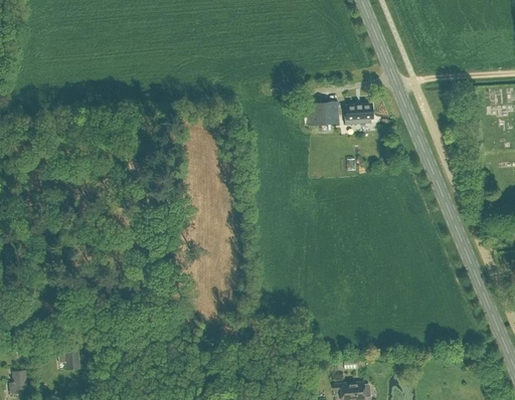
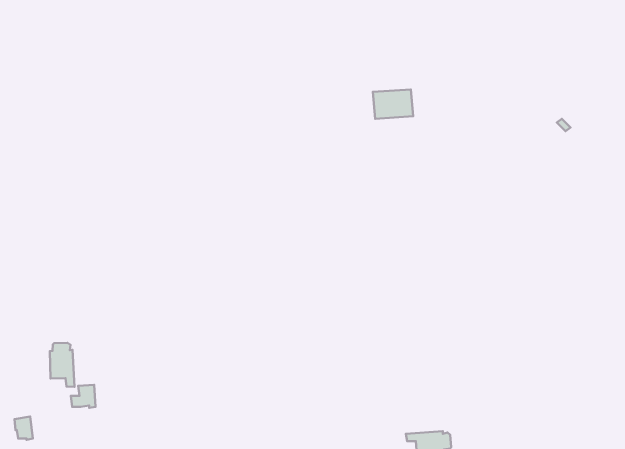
building: [344,106,373,126] -> none
building: none -> [50,343,75,387]

